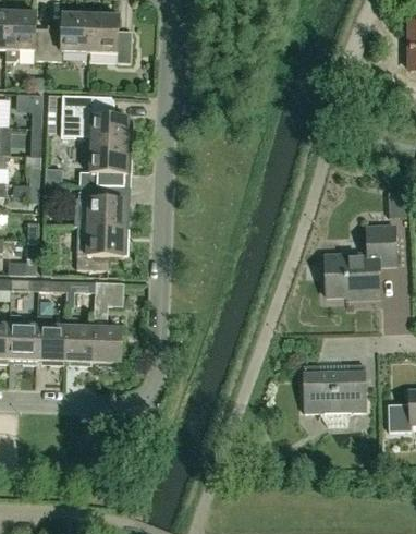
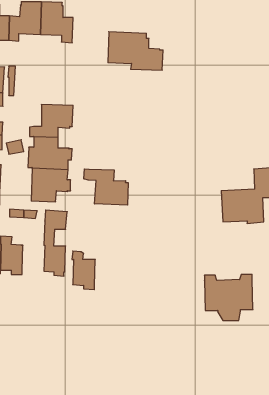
building: [61,95,133,145] -> [108,32,163,70]
building: none -> [84,169,128,205]
building: [64,316,95,366] -> [72,251,95,290]

